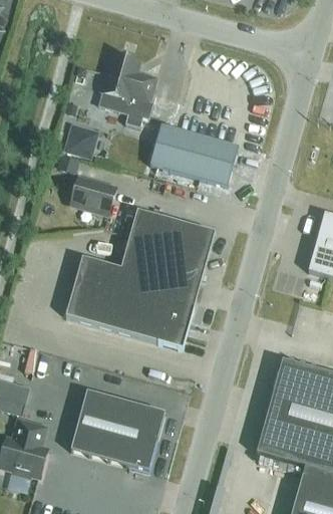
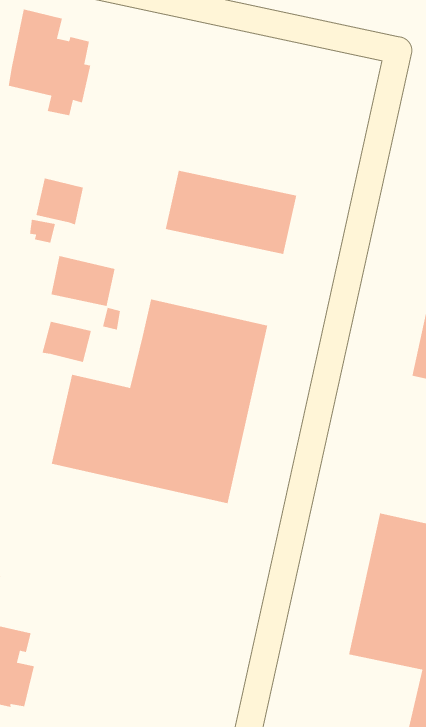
building: [99,53,155,126] -> [8,8,91,116]
building: none -> [42,321,92,363]
building: [70,391,164,471] -> none

